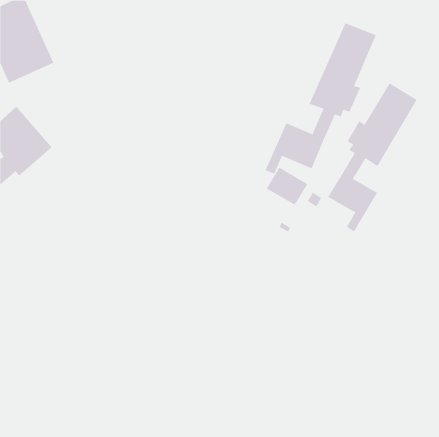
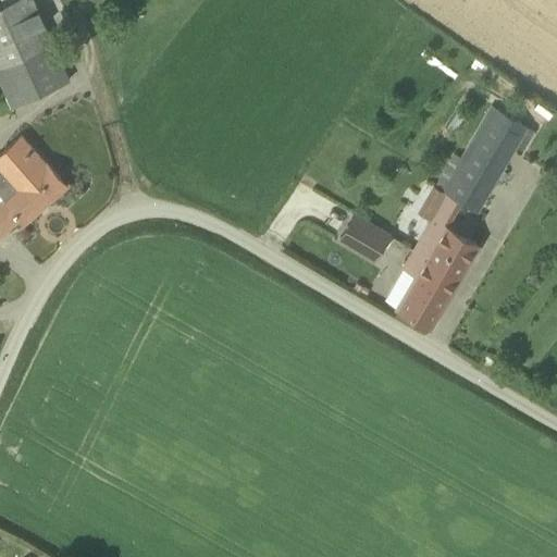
building: [265,23,377,174] -> none
building: none -> [396,252,448,330]

